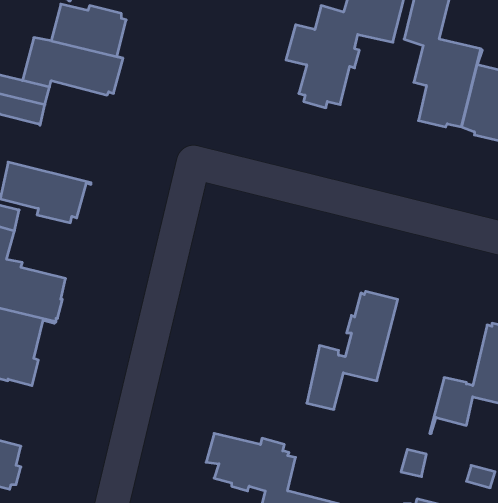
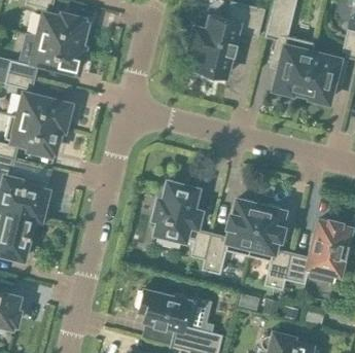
building: none -> [9,94,69,129]
building: none -> [154,181,210,271]
building: none -> [247,204,290,290]

